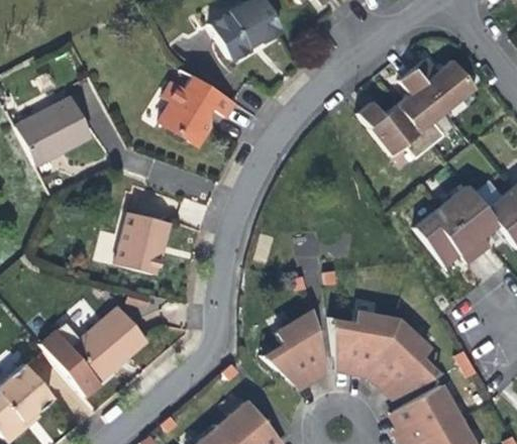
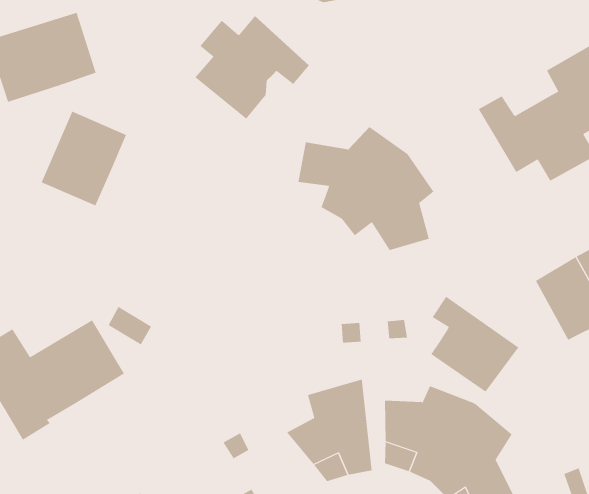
building: none -> [298,126,434,251]
building: [121,213,175,275] -> [41,111,127,206]
building: none -> [430,296,519,393]

